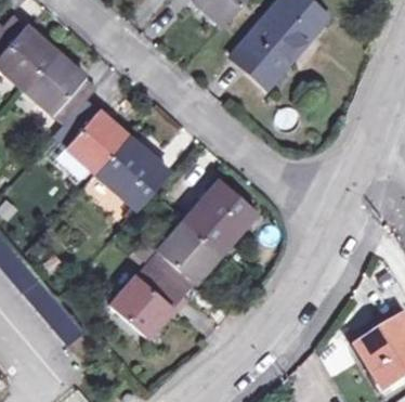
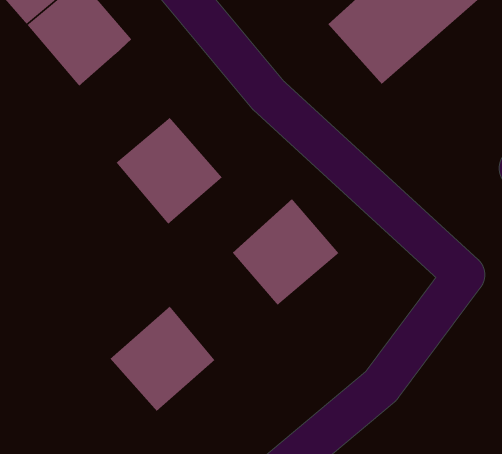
building: [54,100,128,172] -> none
building: [145,222,218,296] -> none

